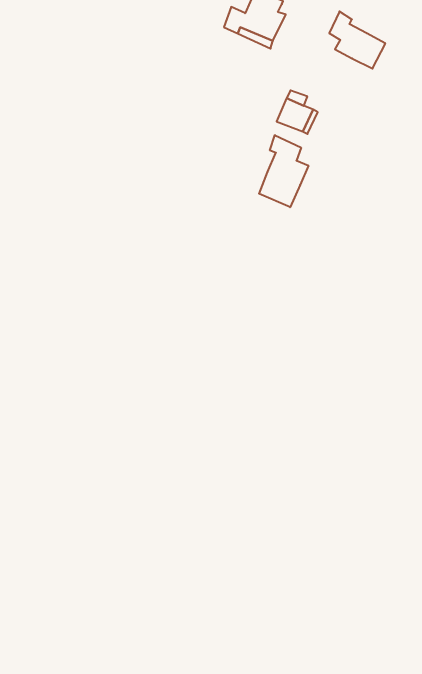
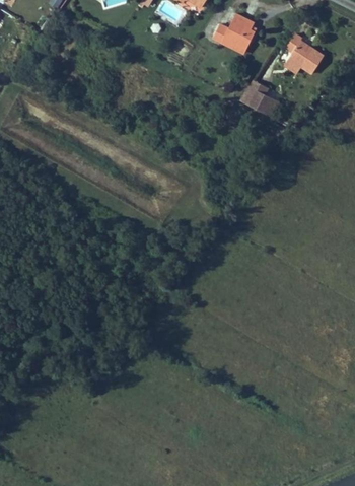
building: [259,135,308,207] -> none

